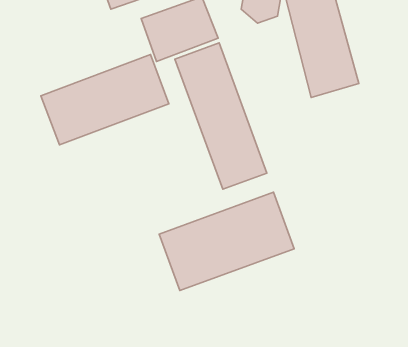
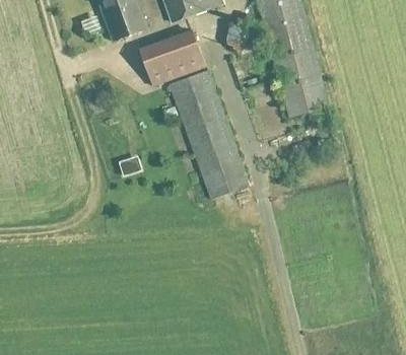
building: [41,55,169,145] -> none
building: [159,192,294,290] -> none

